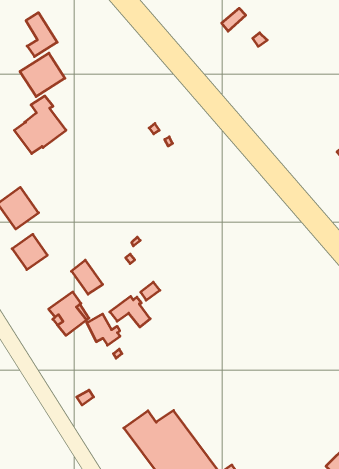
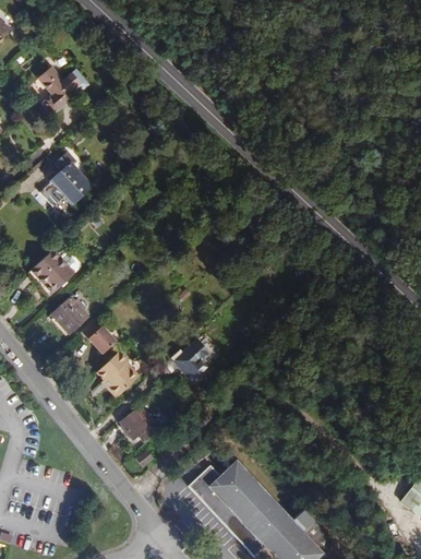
building: [20,53,65,97] -> none
building: [71,260,103,294] -> [82,319,116,354]
building: [87,314,120,345] -> [120,411,156,442]

